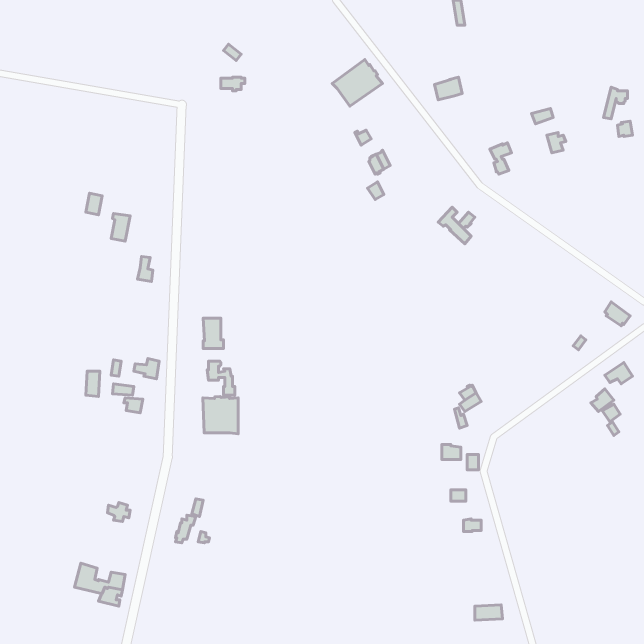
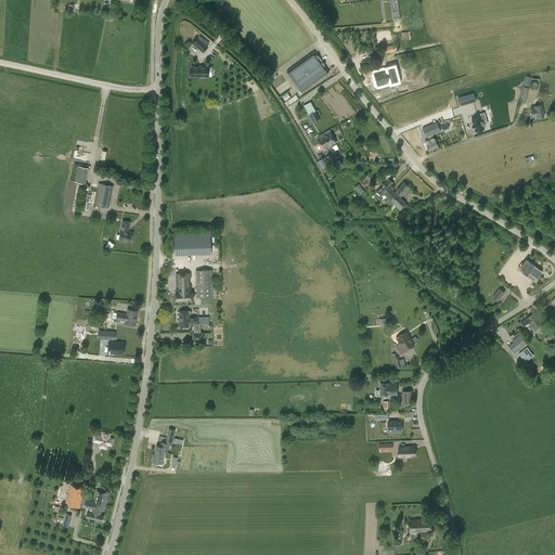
building: none -> [173,235,210,256]
building: none -> [194,270,211,298]
building: [203,397,238,434] -> none

